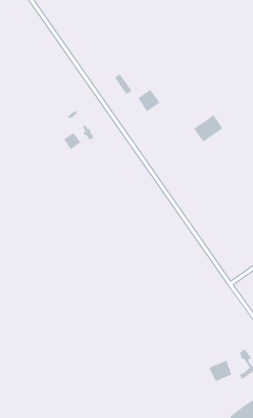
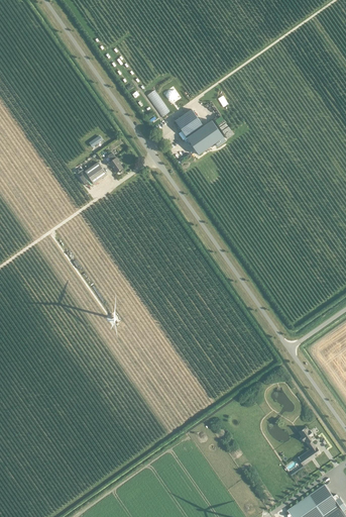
building: [193,114,223,142] -> [186,120,222,154]
building: [208,360,232,382] -> none

